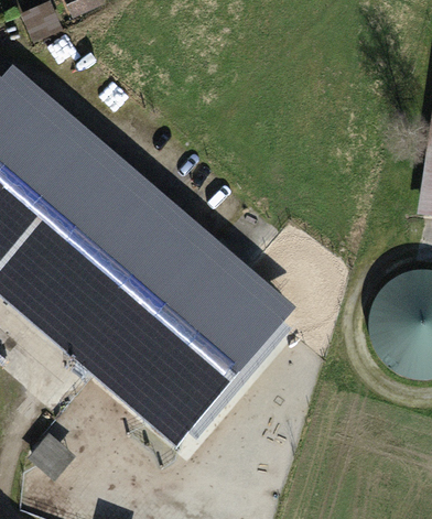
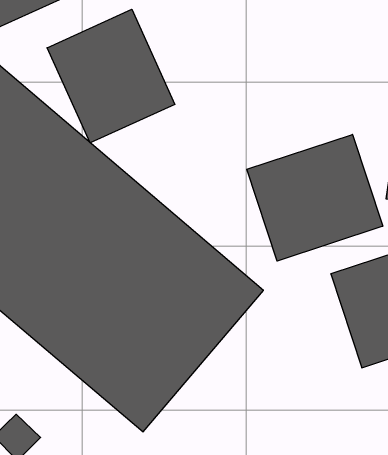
building: none -> [47,9,175,143]
building: none -> [247,134,383,261]

